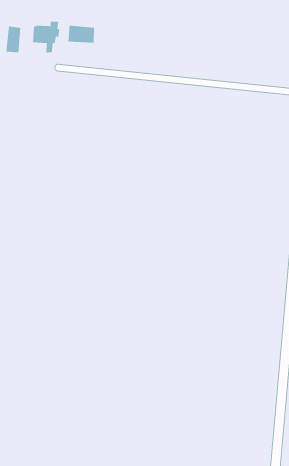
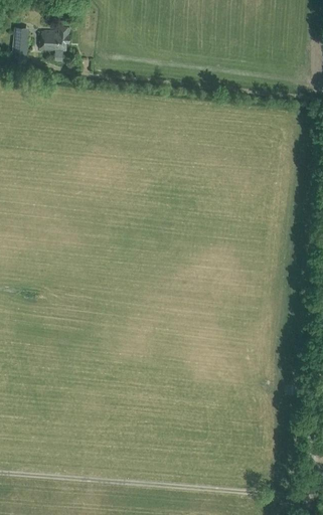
building: [68,25,95,43] -> none

